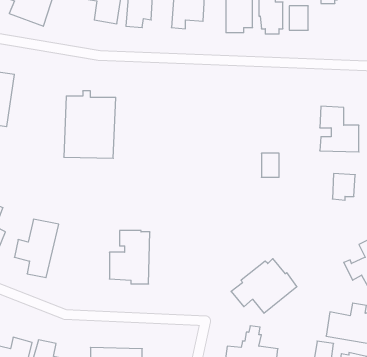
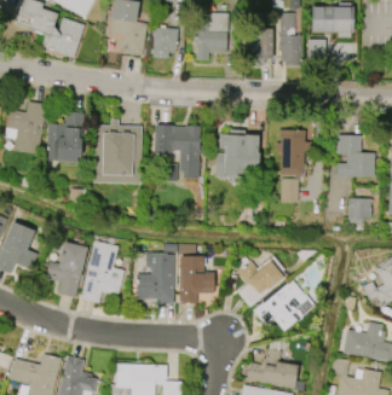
building: none -> [46,112,82,162]
building: none -> [152,124,201,179]
building: none -> [214,129,259,179]
building: none -> [275,129,311,174]
building: none -> [80,233,123,302]
building: none -> [178,256,213,303]
building: none -> [235,256,284,307]

